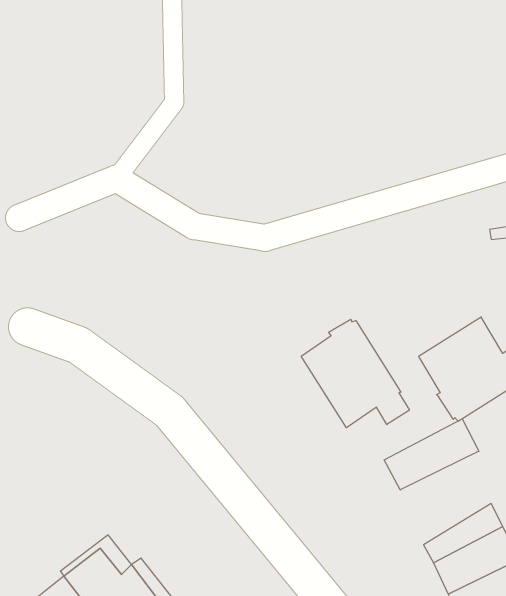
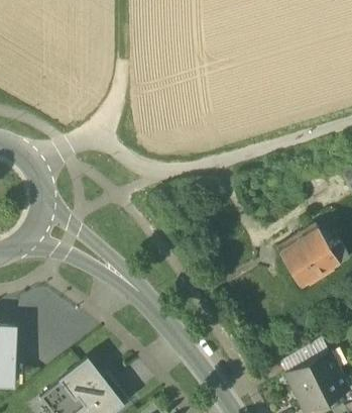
building: [301,319,409,428] -> none
building: [384,419,479,490] -> none

